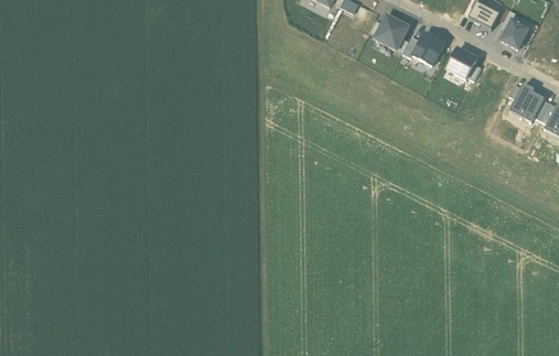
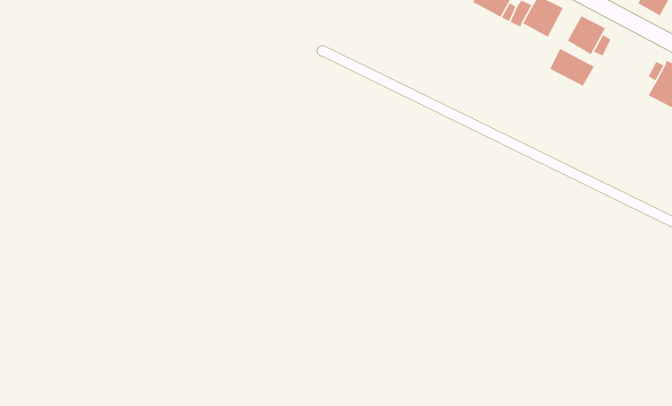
building: none -> [549,48,595,87]

